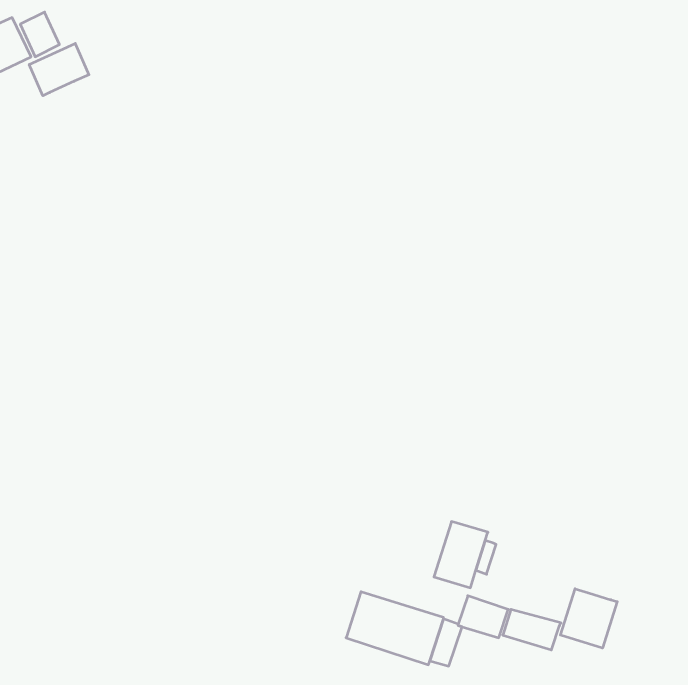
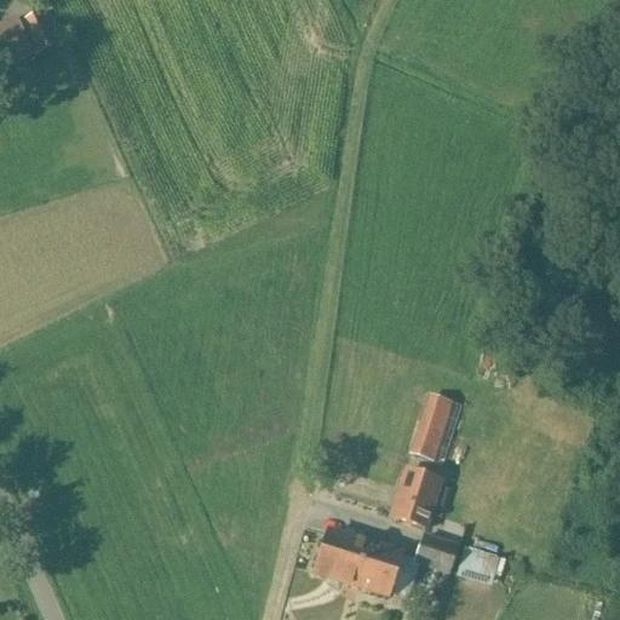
building: [29,43,89,96] -> none
building: none -> [408,394,459,464]
building: [560,589,617,648] -> none

